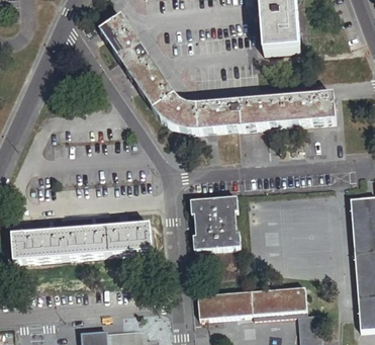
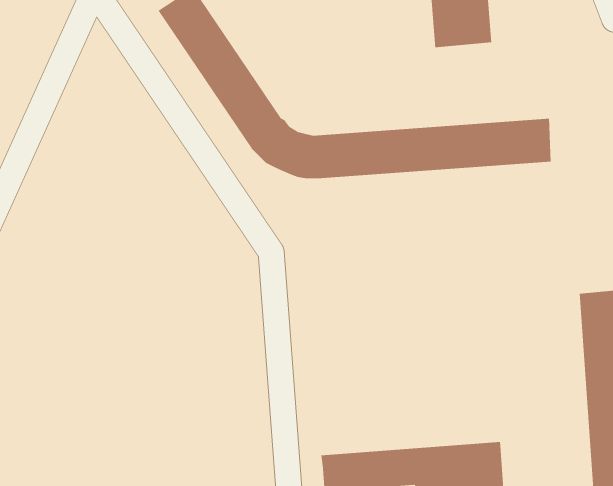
building: [189,195,240,248] -> none
building: [11,224,151,260] -> none

